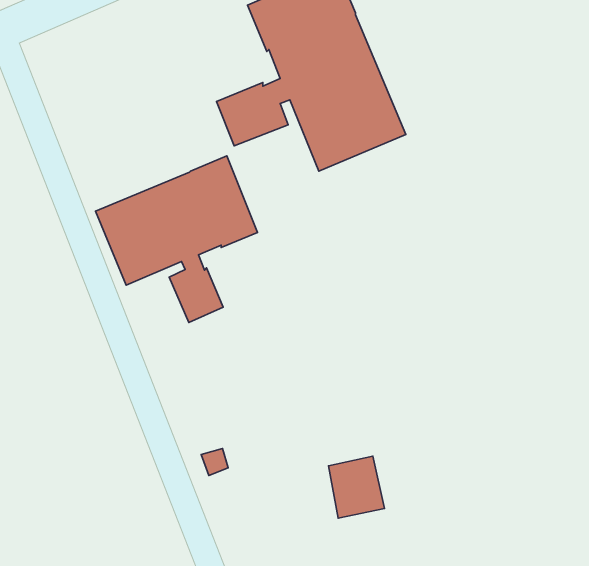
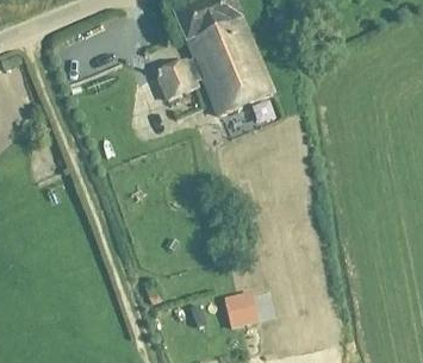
building: [95,156,257,322] -> none

